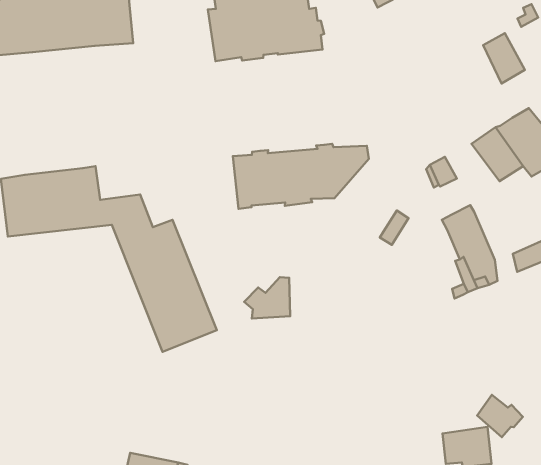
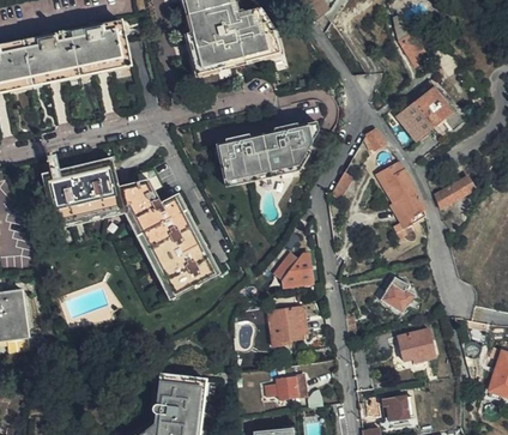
building: [244,277,290,319] -> [274,253,310,286]
building: none -> [266,307,303,345]
building: [477,395,523,437] -> [379,282,413,313]

